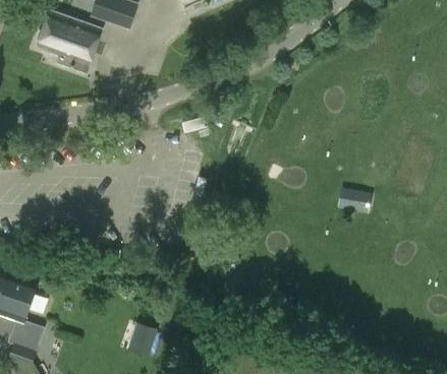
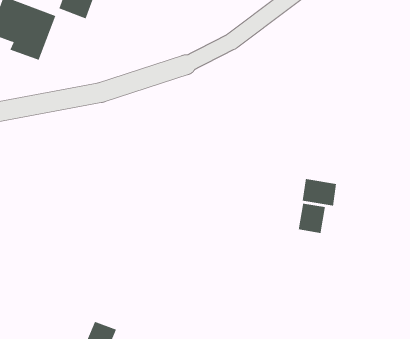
building: none -> [298,203,326,234]

